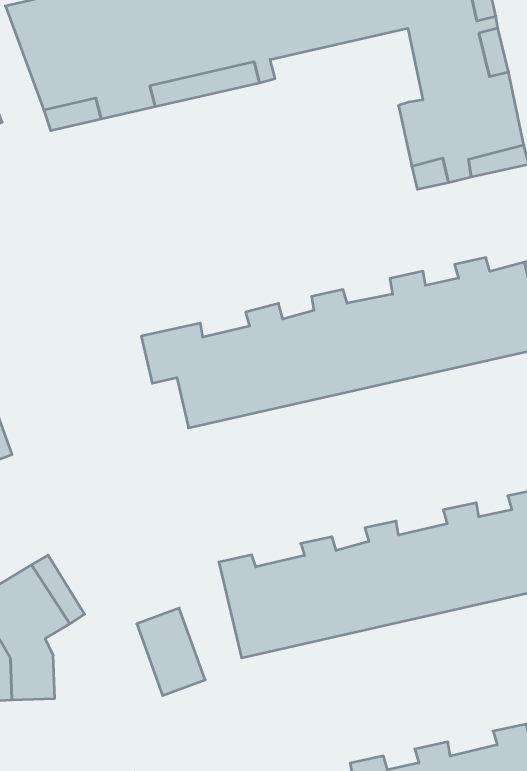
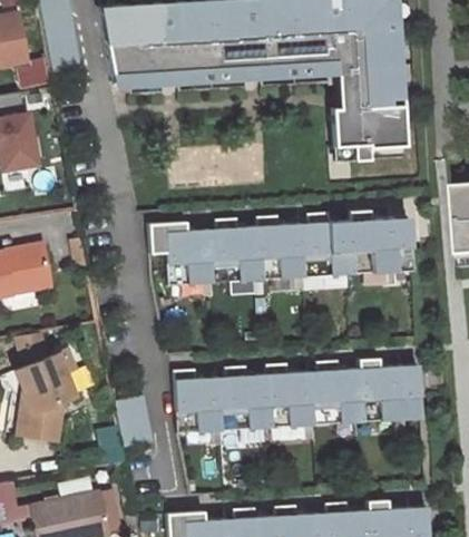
building: none -> [256,60,346,106]

